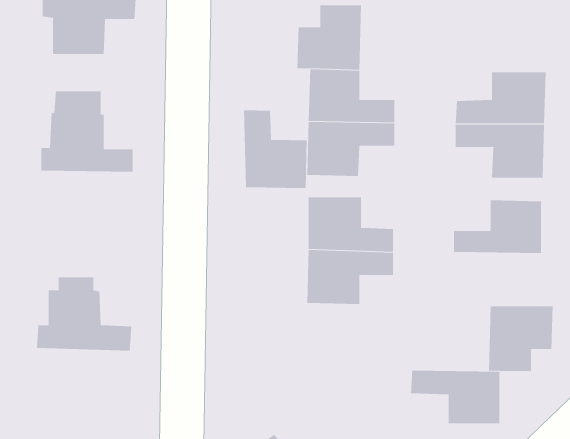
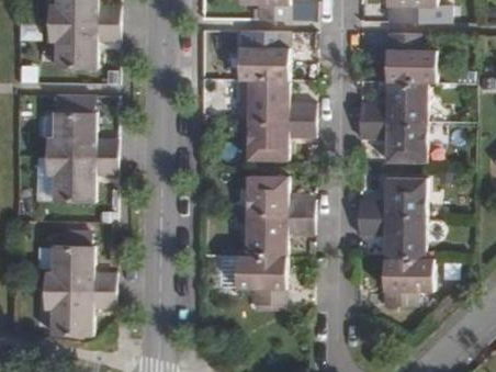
building: none -> [386,33,436,81]
building: [243,110,307,189] -> none
building: none -> [45,156,116,202]
building: none -> [237,256,288,305]
building: none -> [43,290,114,336]
building: [410,370,500,424] -> [357,217,425,258]

